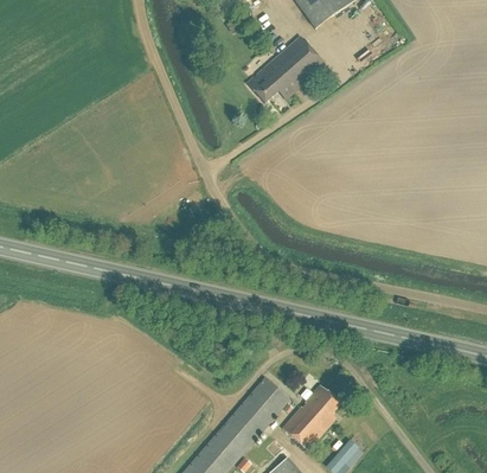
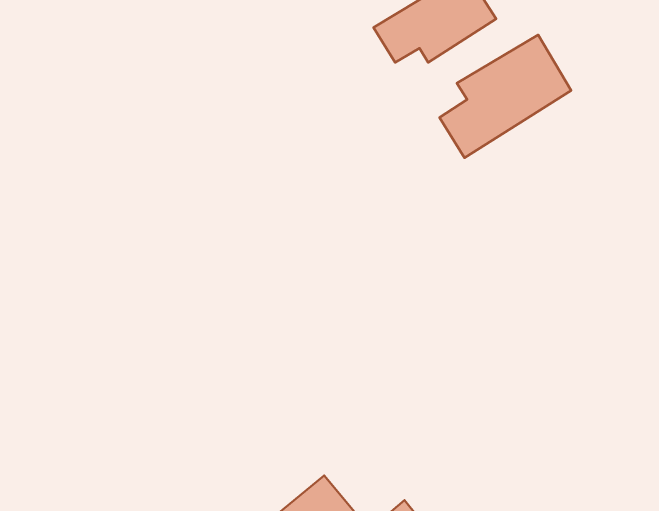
building: none -> [440,35,571,158]

